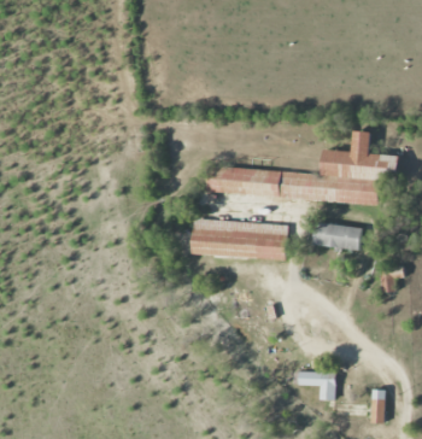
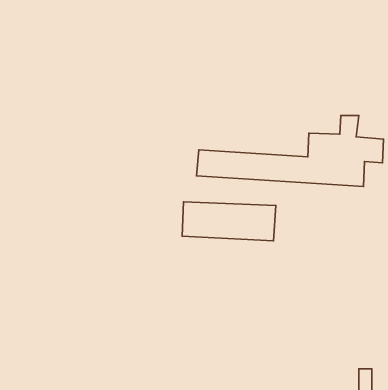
building: [312,222,361,251] -> none
building: [298,371,335,400] -> none

